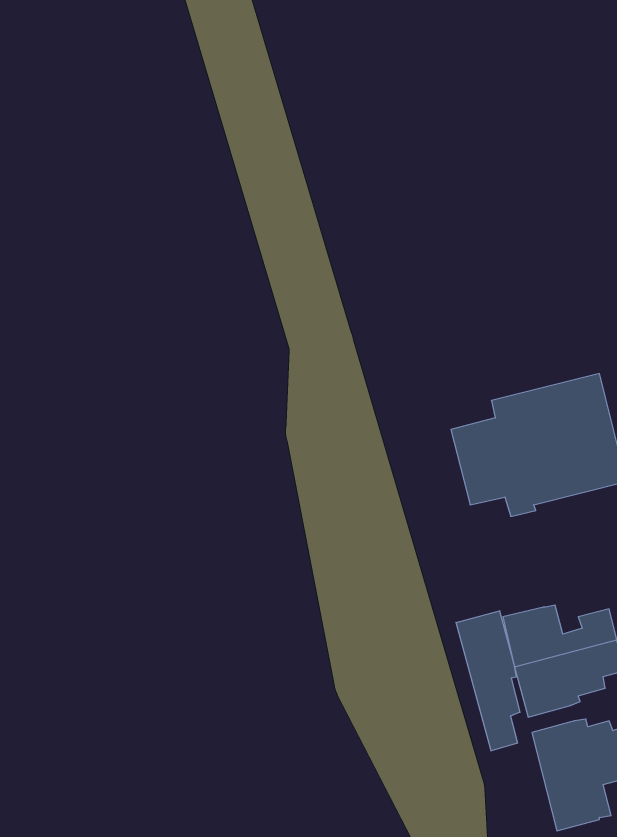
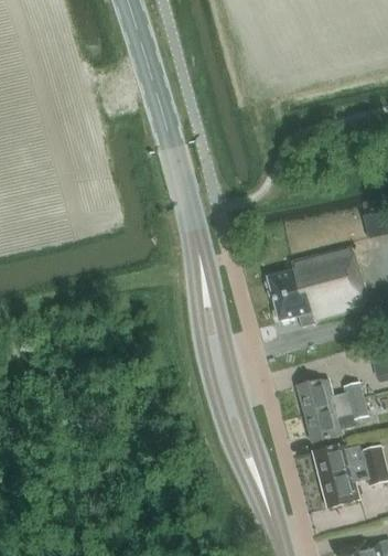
building: [456,611,520,751] -> none

